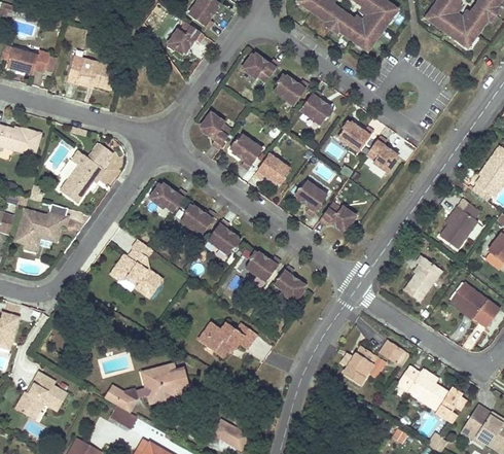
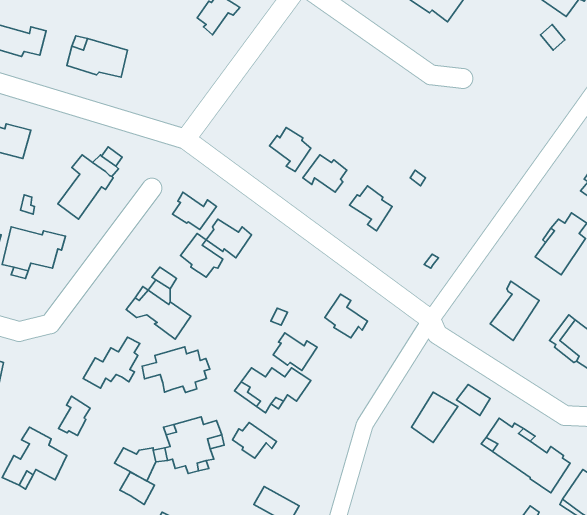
building: [242,53,276,82] -> none
building: [272,73,305,103] -> none
building: [300,89,332,124] -> none
building: [199,111,231,146] -> none
building: [337,118,371,147] -> none
building: [365,134,398,169] -> none
building: [317,201,353,232] -> none
building: [207,219,241,254] -> [180,233,223,277]
building: [244,248,279,278] -> [273,333,317,370]
building: none -> [83,337,140,388]
building: none -> [142,347,210,392]
building: none -> [58,396,90,435]
building: none -> [233,423,277,458]

